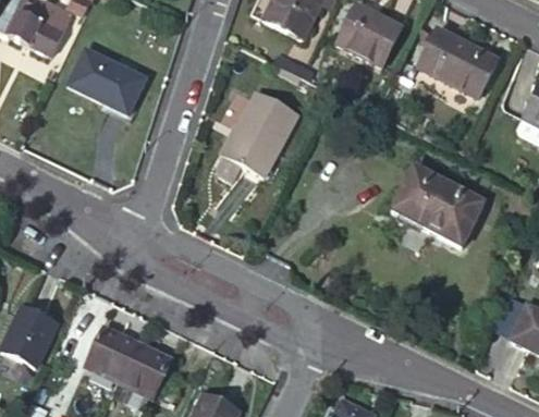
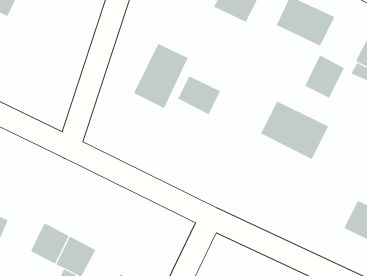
building: [72,49,149,115] -> none
building: none -> [304,55,344,98]
building: none -> [177,76,221,115]

